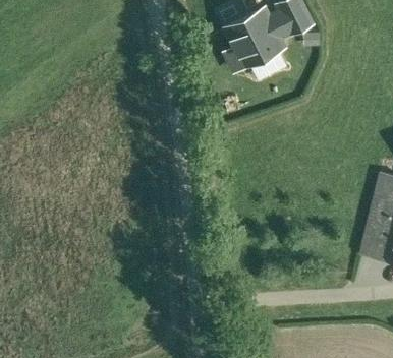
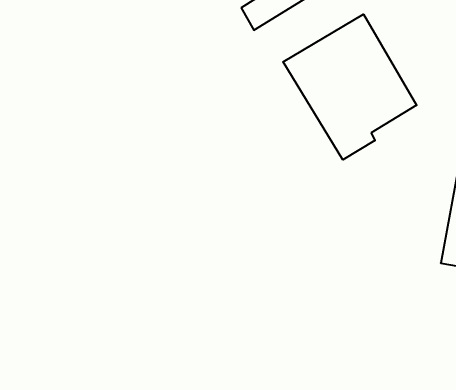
building: none -> [283,14,417,160]

